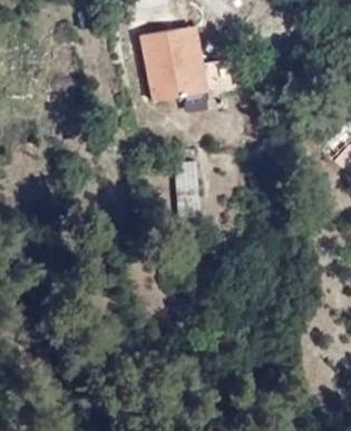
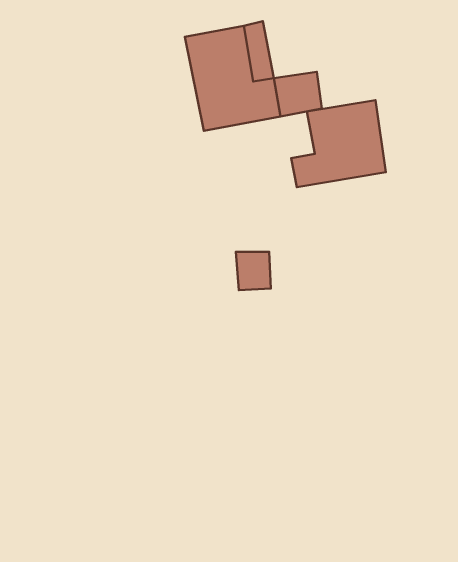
building: none -> [291,100,386,187]

